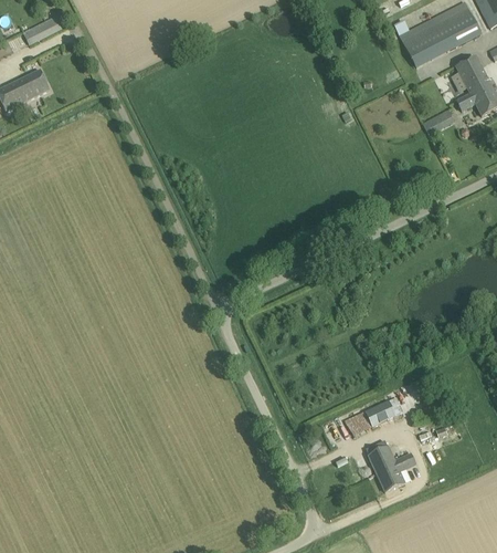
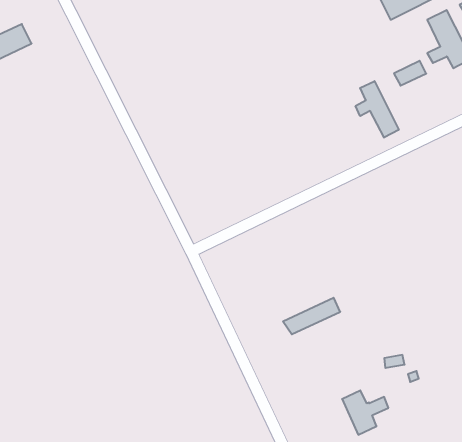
building: none -> [356,81,399,138]
building: [343,397,402,435] -> [283,298,340,334]

